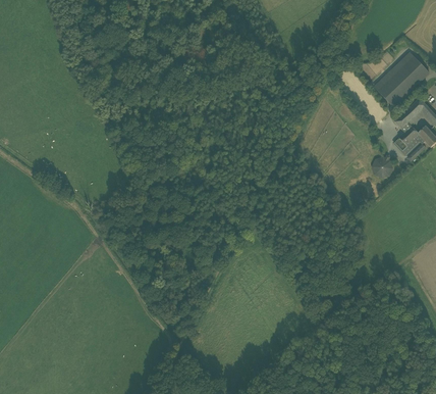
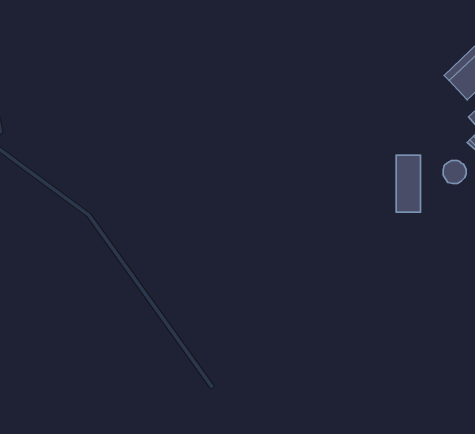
building: none -> [396,155,421,212]

